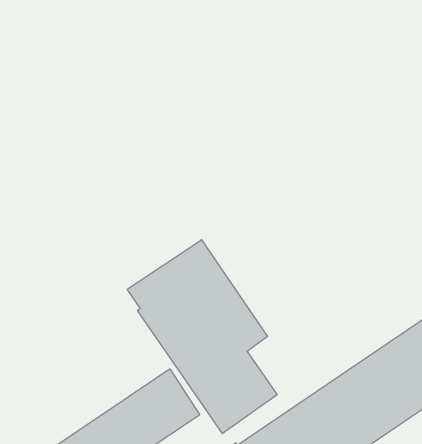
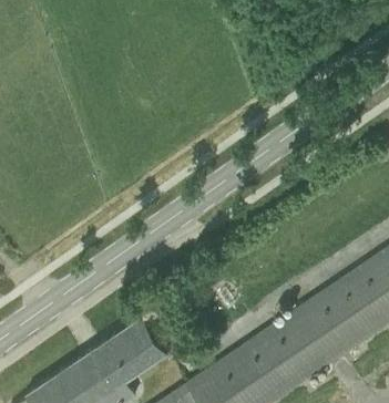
building: [127,240,277,434] -> none

